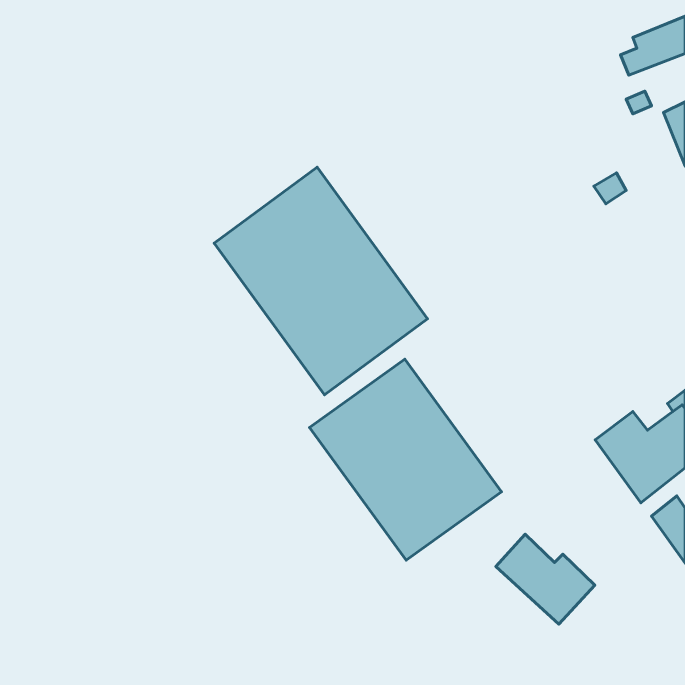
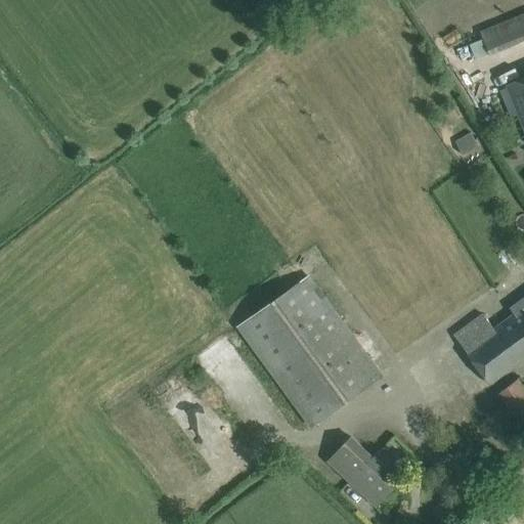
building: [214,167,428,395] -> none
building: [496,534,595,624] -> [328,437,403,506]

